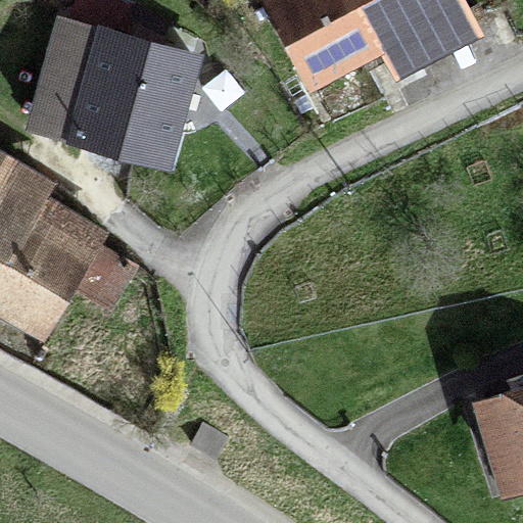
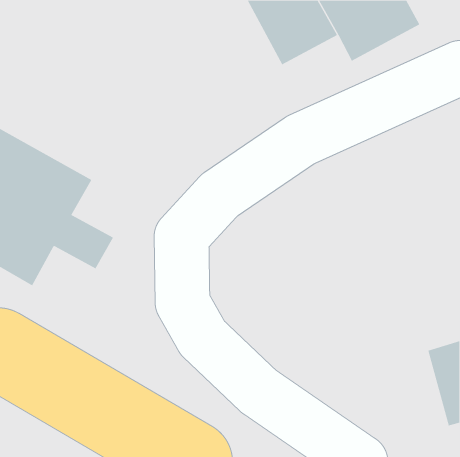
building: [31,27,194,158] -> none

